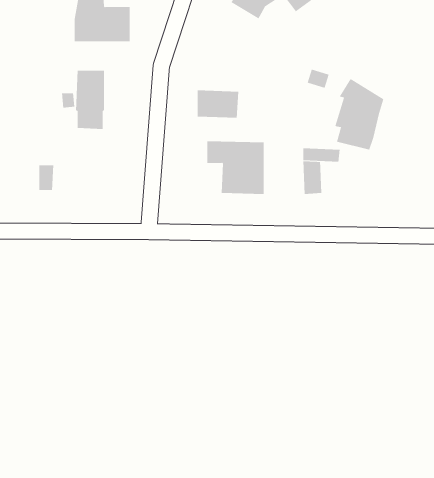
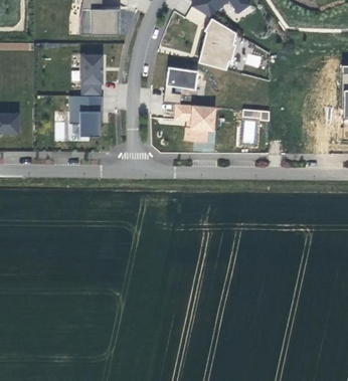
building: [335,78,384,150] -> [200,18,235,69]
building: none -> [69,97,103,137]

